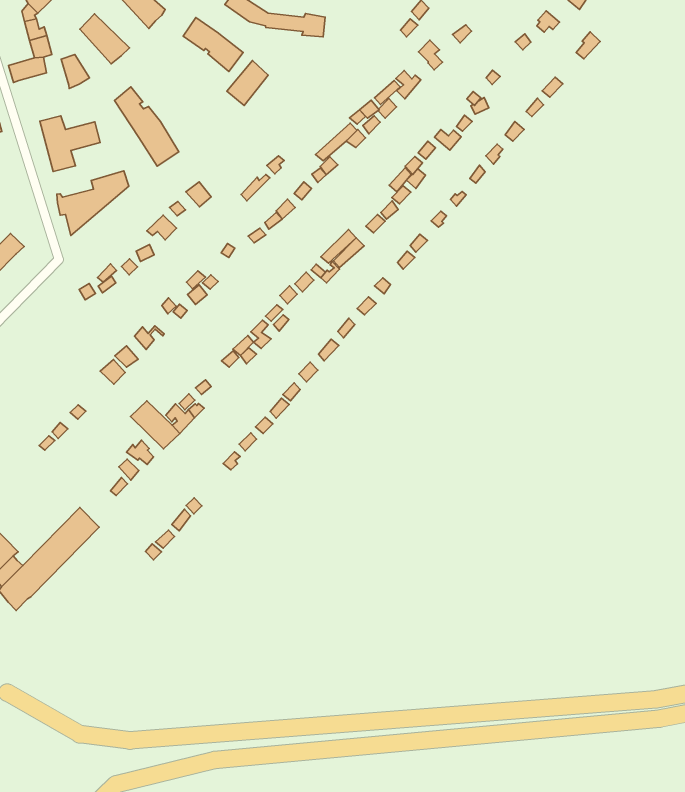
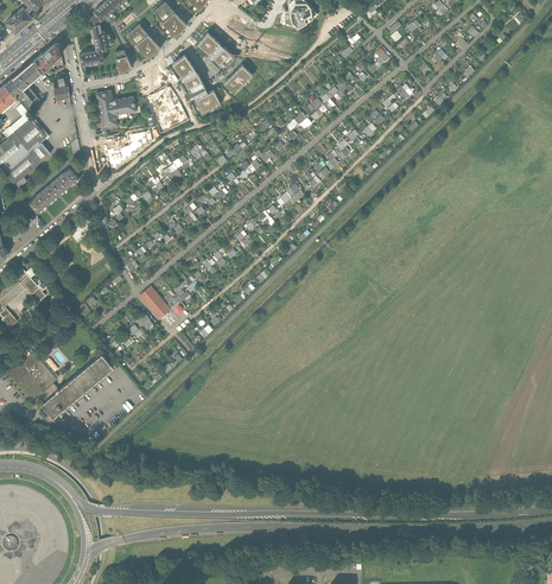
building: none -> [171,56,218,114]

